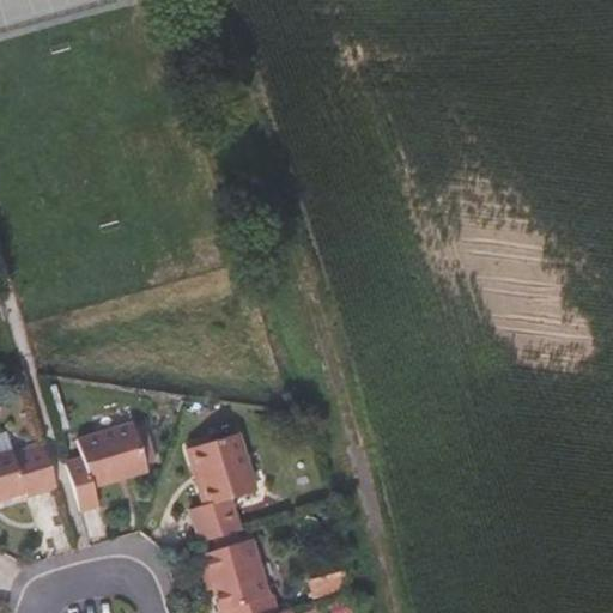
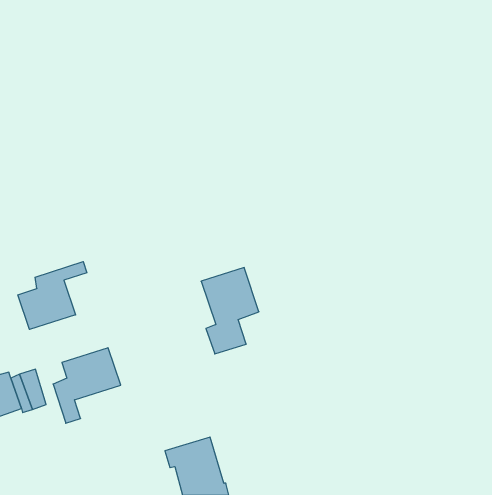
building: none -> [18,262,87,329]
building: [187,432,257,538] -> [201,268,259,354]

